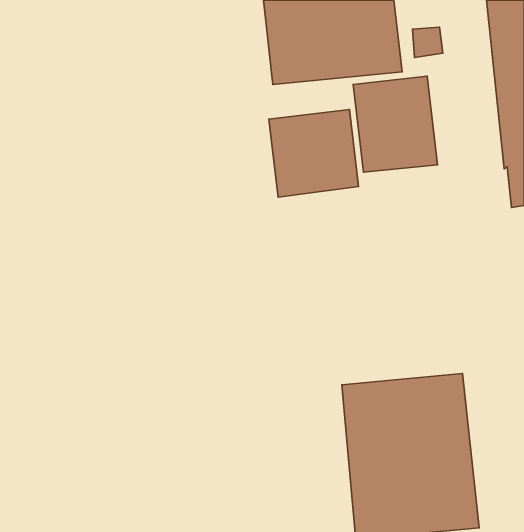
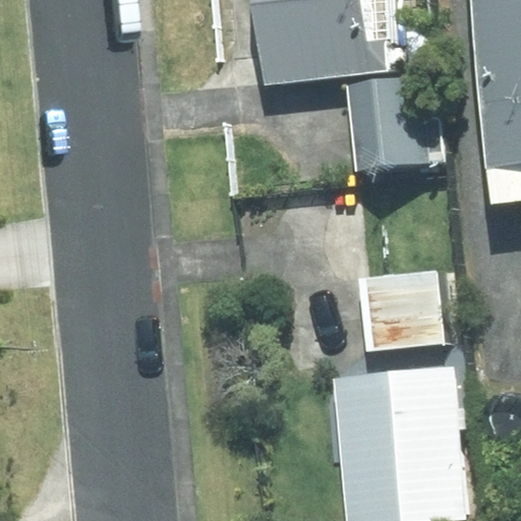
building: [269,109,359,197] -> none
building: none -> [358,270,445,352]

